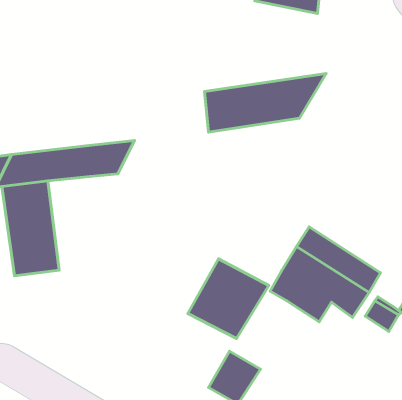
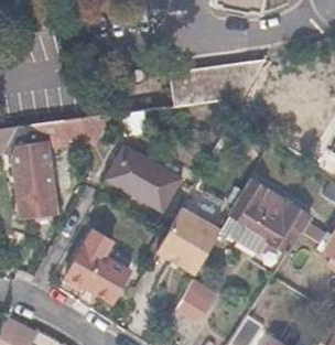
building: none -> [108,147,182,211]
building: none -> [67,230,129,301]

